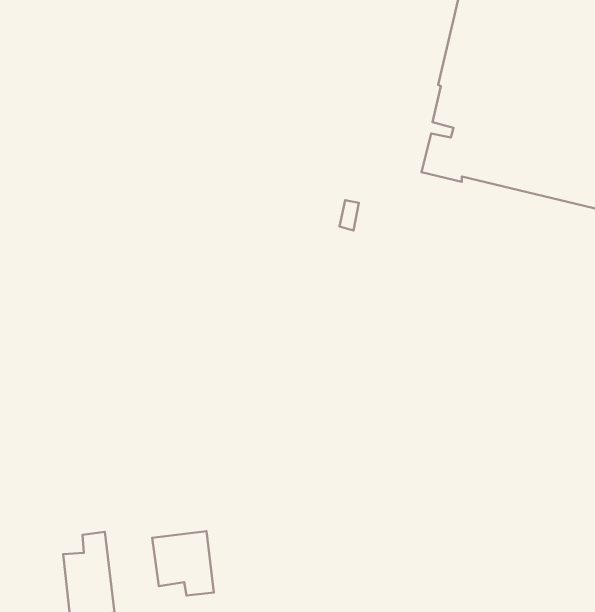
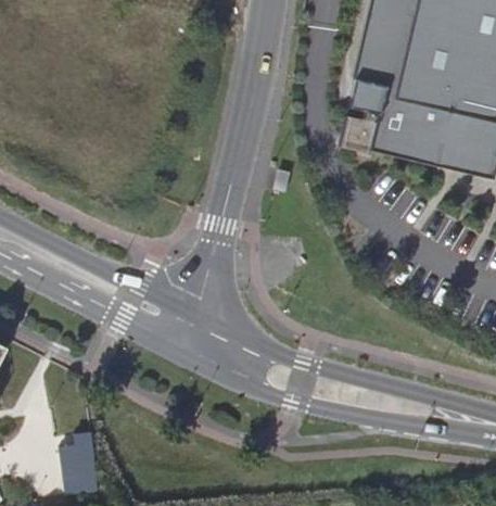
building: [152,531,214,596] -> none

